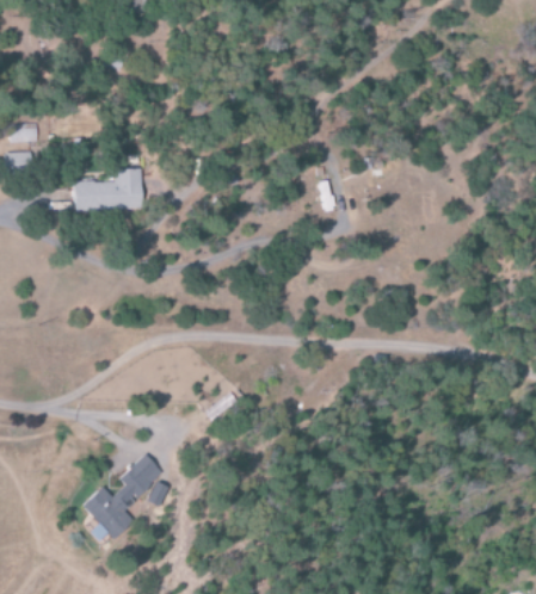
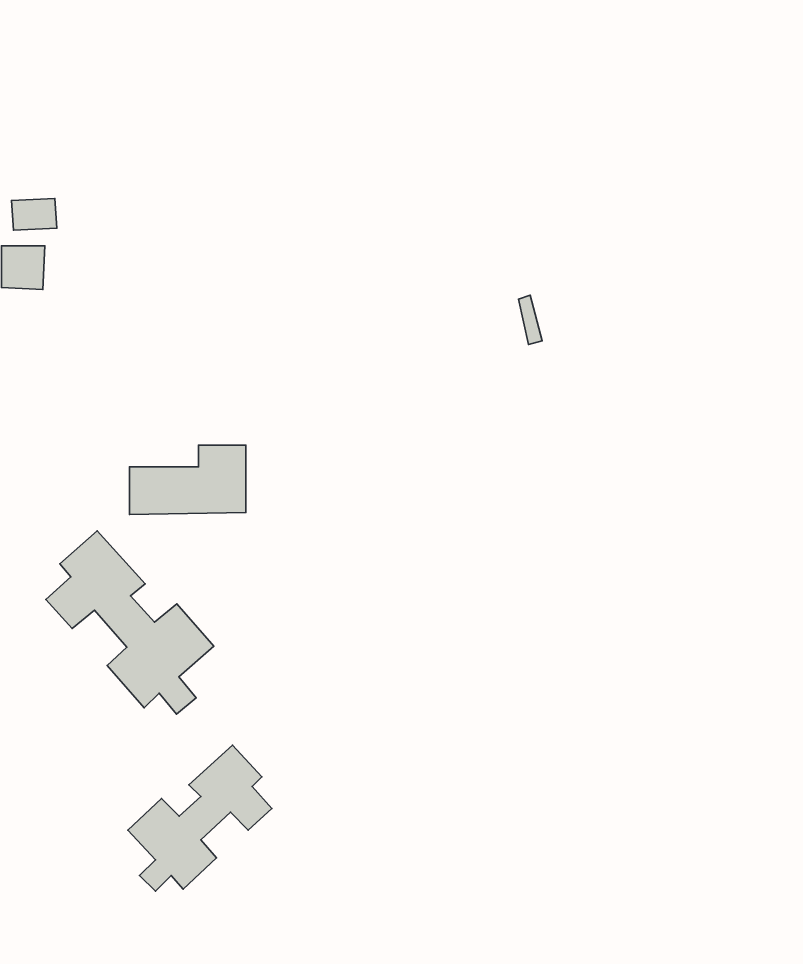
building: [72,168,142,210] -> [130,445,246,514]
building: none -> [46,531,214,714]

